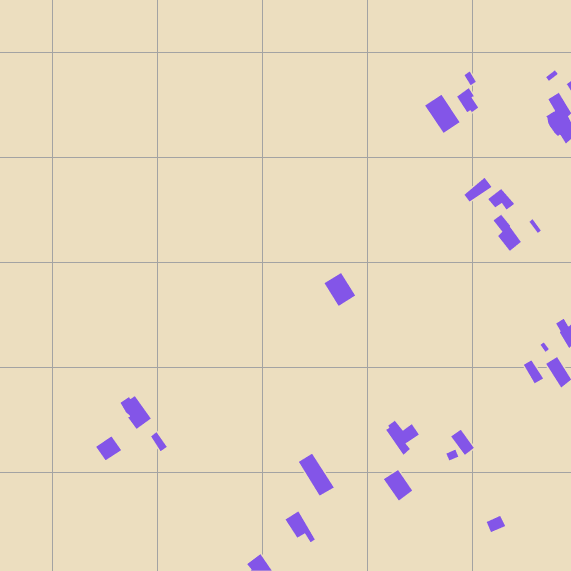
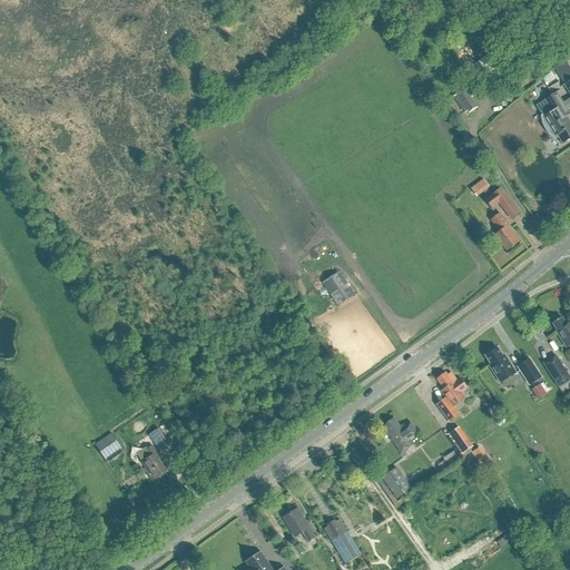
building: [424,94,461,134] -> none
building: none -> [485,347,517,382]
building: none -> [439,372,468,421]
building: [119,395,152,430] -> [136,445,168,480]
building: [298,453,335,497] -> [325,519,362,562]

